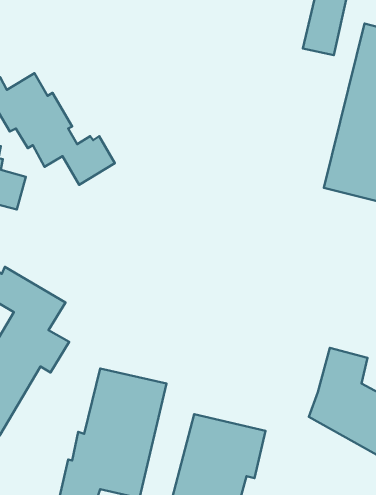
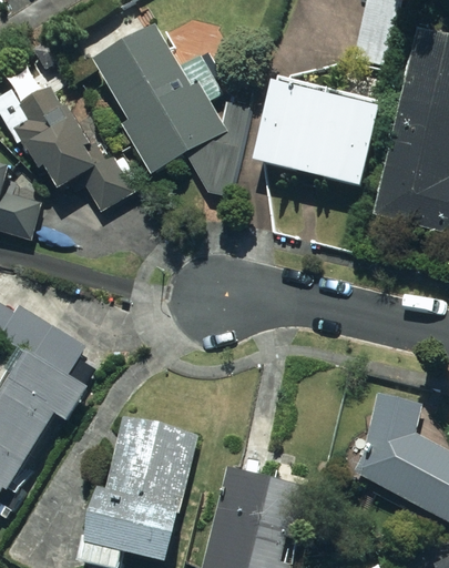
building: none -> [93,24,247,194]
building: none -> [257,75,382,187]

